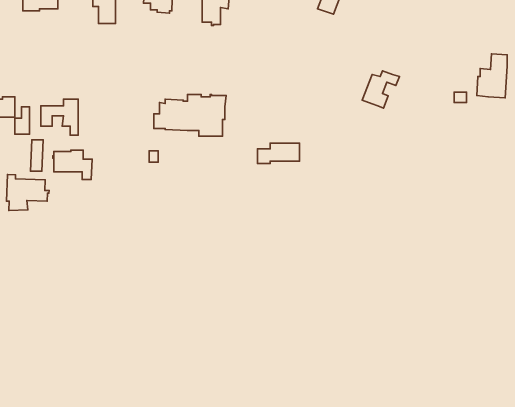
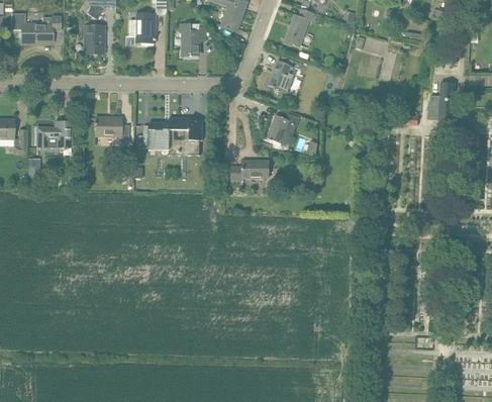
building: none -> [269,60,302,89]
building: [362,71,399,108] -> [267,111,300,144]
building: [53,150,92,180] -> [94,116,129,142]
building: [6,175,49,211] -> none

